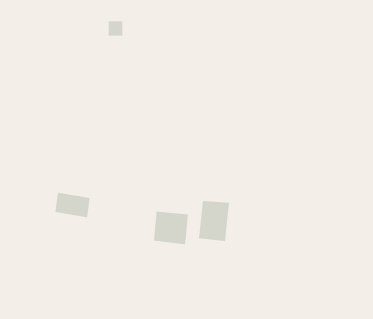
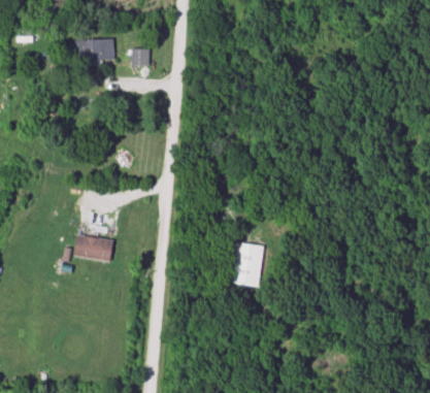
building: none -> [76,40,114,62]
building: [153,211,189,245] -> none

